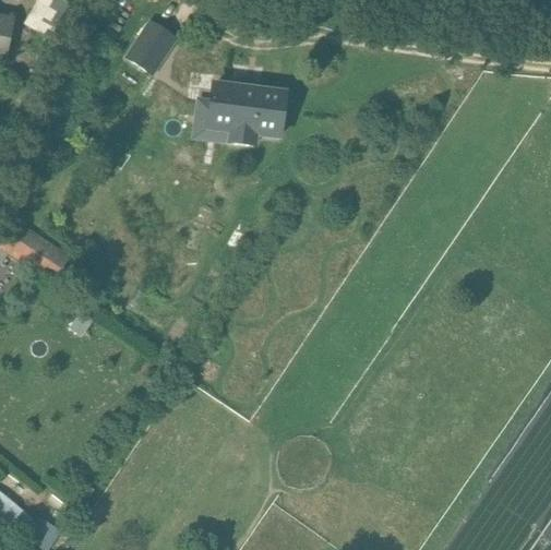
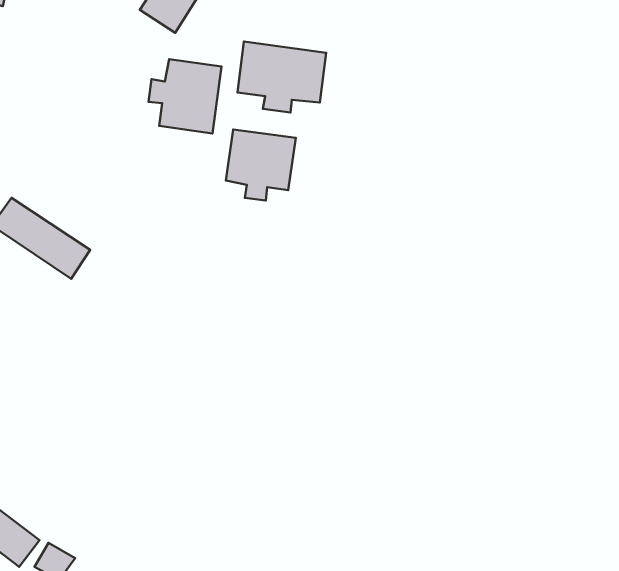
building: none -> [149,59,221,133]
building: none -> [226,130,296,201]

